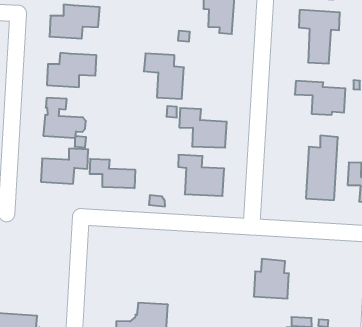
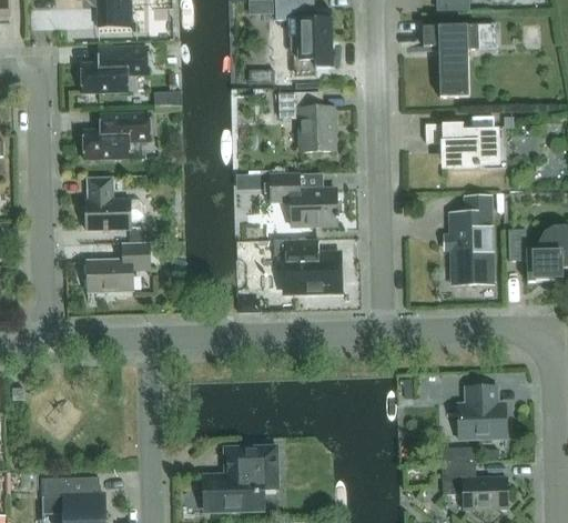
building: [144,53,184,99] -> [278,91,334,151]
building: [90,159,135,188] -> none
building: [254,259,289,298] -> [457,385,505,437]

